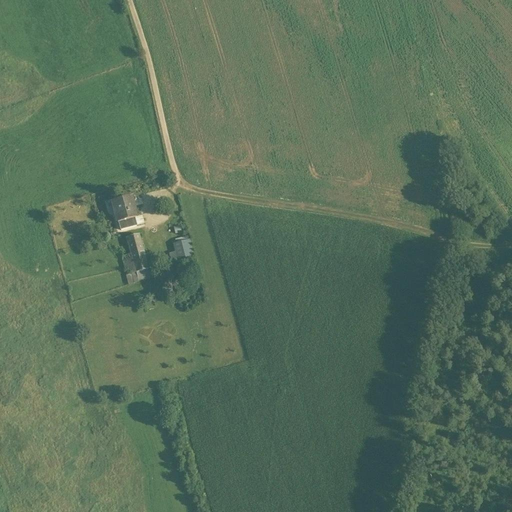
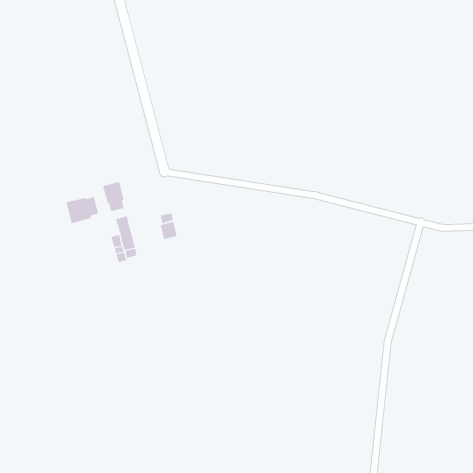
building: none -> [66,196,99,224]

